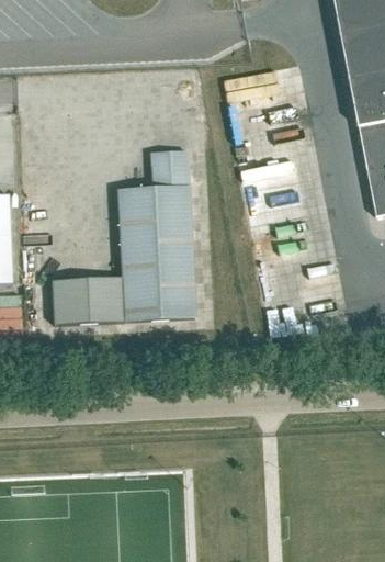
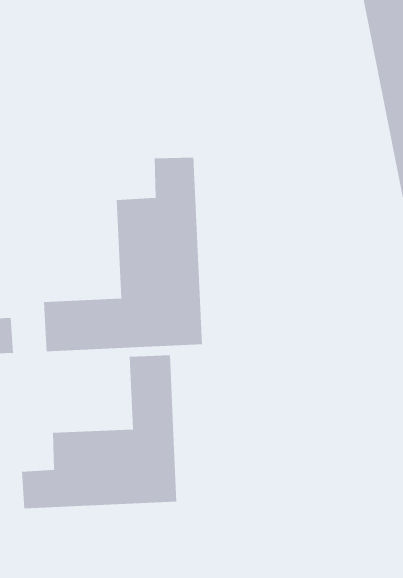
building: none -> [22,354,177,509]

